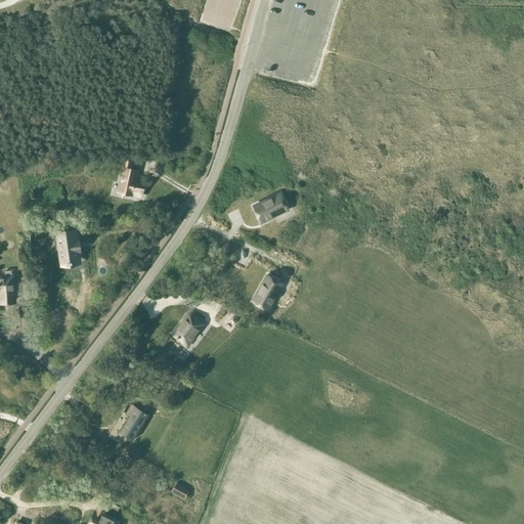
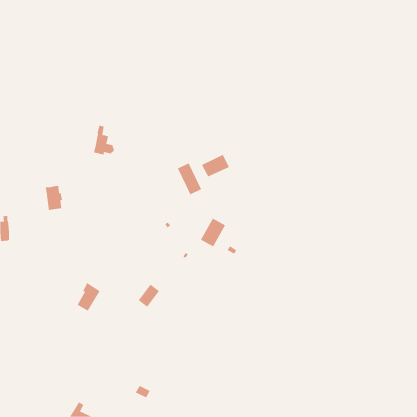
building: none -> [177,163,202,195]
building: [173,315,201,345] -> [138,284,160,308]
building: [118,403,147,440] -> [77,282,101,311]

